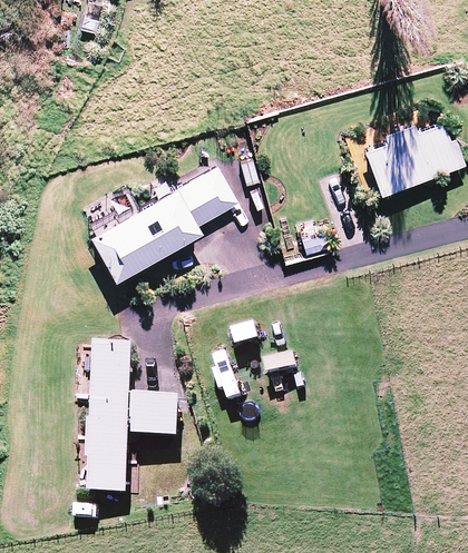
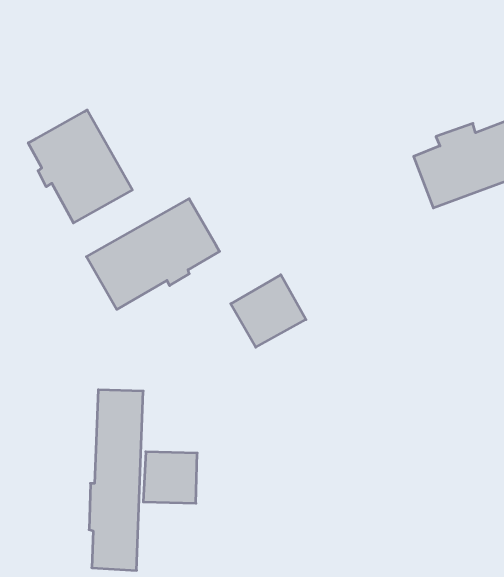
building: none -> [28,110,132,223]
building: [173,166,236,227] -> [231,275,306,347]

